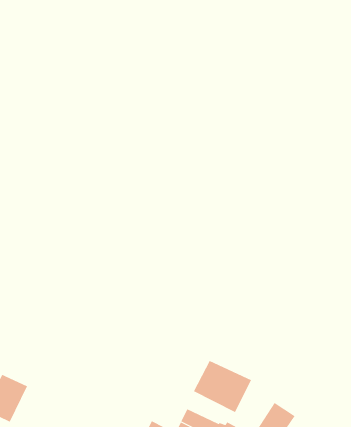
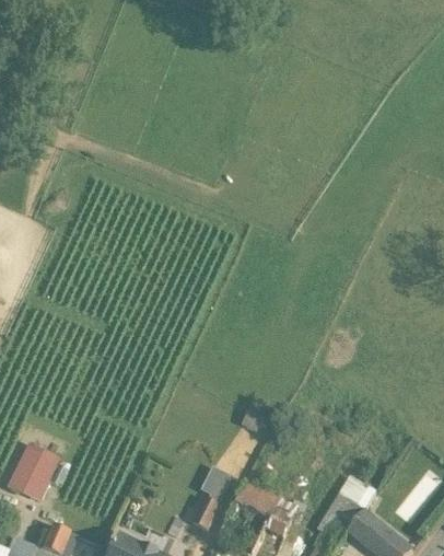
building: [193,360,252,413] -> none
building: none -> [200,465,232,500]

